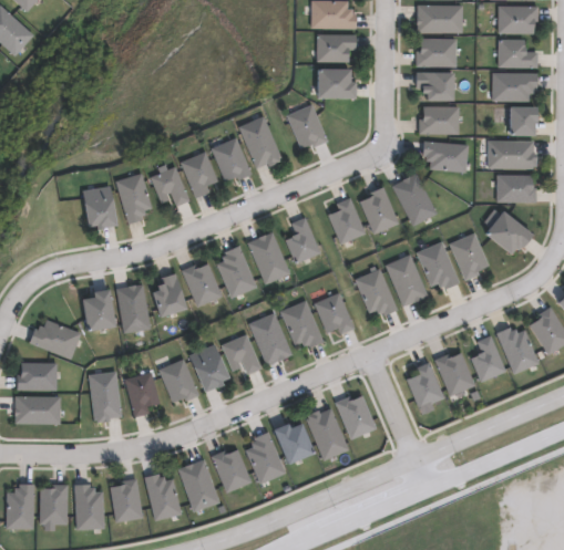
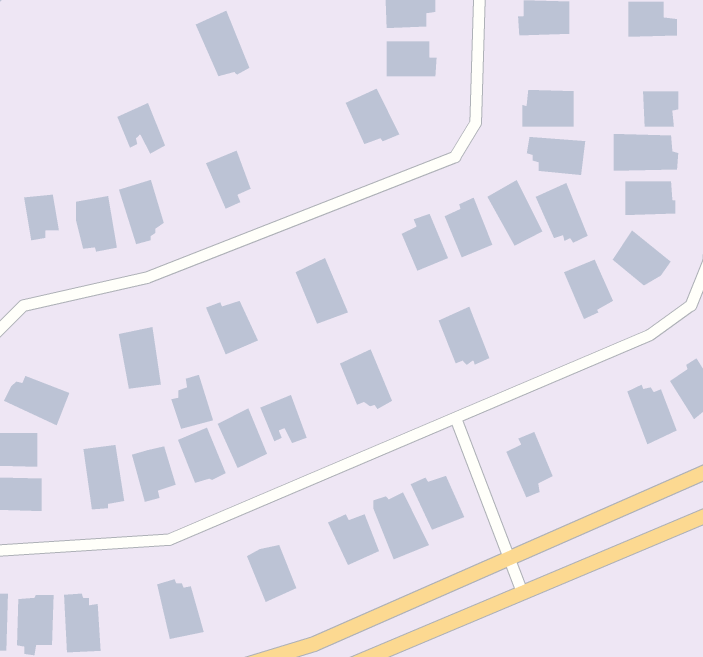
building: [416,72,453,102] -> none
building: [490,72,536,102] -> none
building: [238,116,280,167] -> [194,9,250,77]
building: [211,137,252,180] -> none
building: [151,167,188,207] -> [116,102,166,155]
building: none -> [23,194,60,241]
building: [285,219,319,263] -> none
building: [417,242,458,289] -> [534,182,589,244]
building: [217,247,256,297] -> none
building: [386,255,428,307] -> none
building: [152,274,185,316] -> [170,374,214,430]
building: [82,291,115,332] -> none
building: [315,292,353,333] -> none
building: [249,313,291,365] -> none
building: [471,336,505,381] -> none
building: [434,353,474,396] -> none
building: [245,432,285,484] -> none
building: [177,460,218,511] -> none
building: [110,479,143,522] -> none

